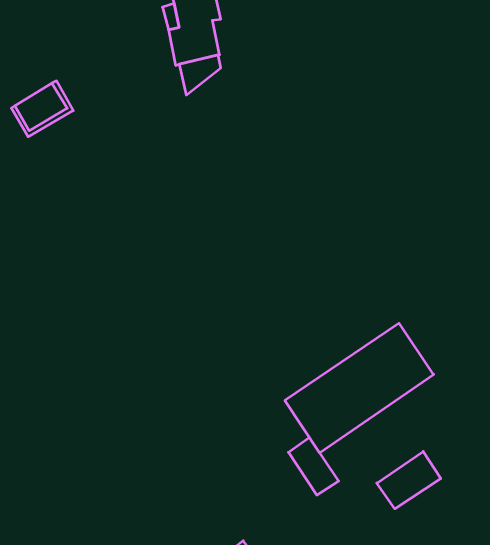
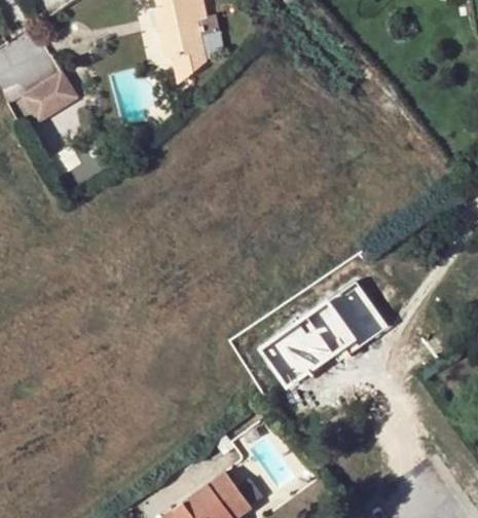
building: [288,438,339,495] -> none
building: [377,451,441,509] -> none

